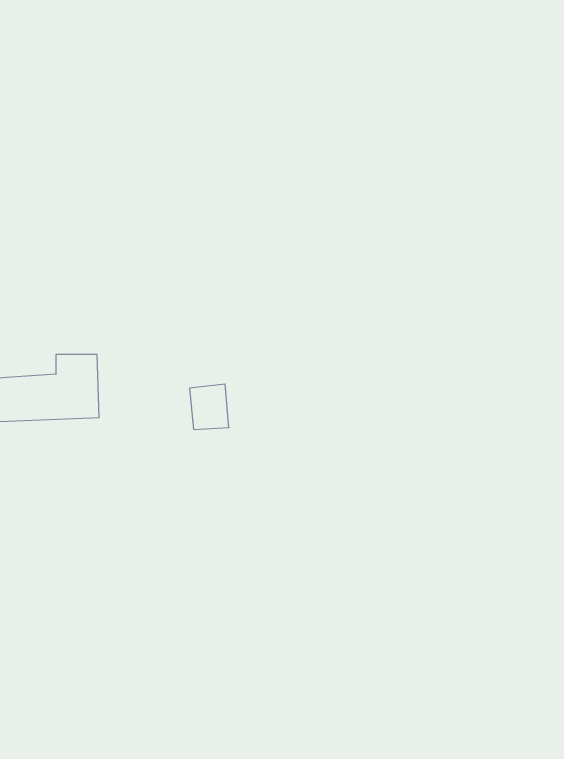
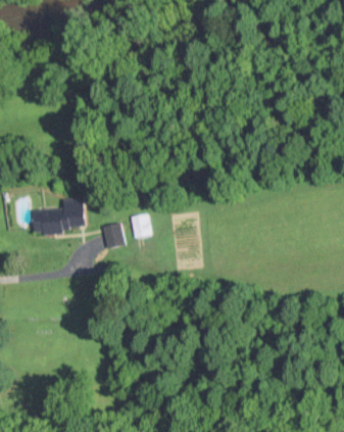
building: none -> [103,223,125,248]

